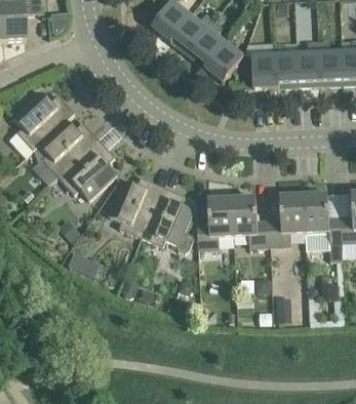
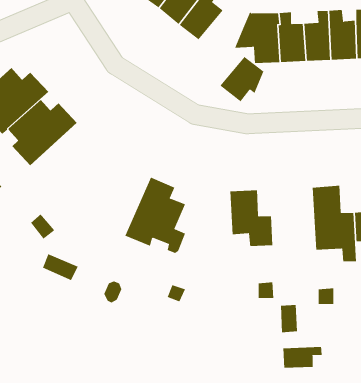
building: [205,41,244,81] -> [219,56,264,102]
building: [58,138,117,199] -> none
building: [109,176,163,237] -> none
building: [269,195,307,249] -> none
building: [197,198,234,249] -> none
building: none -> [283,346,322,368]

